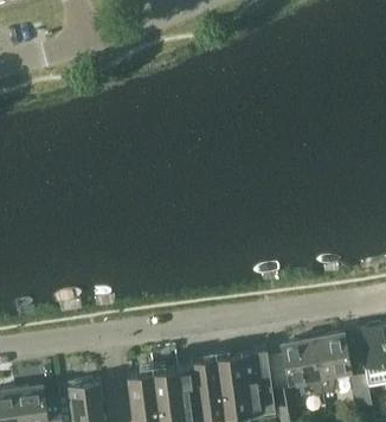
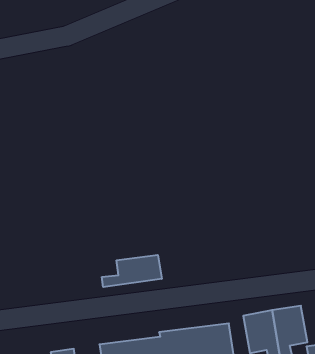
building: none -> [102,255,162,287]

